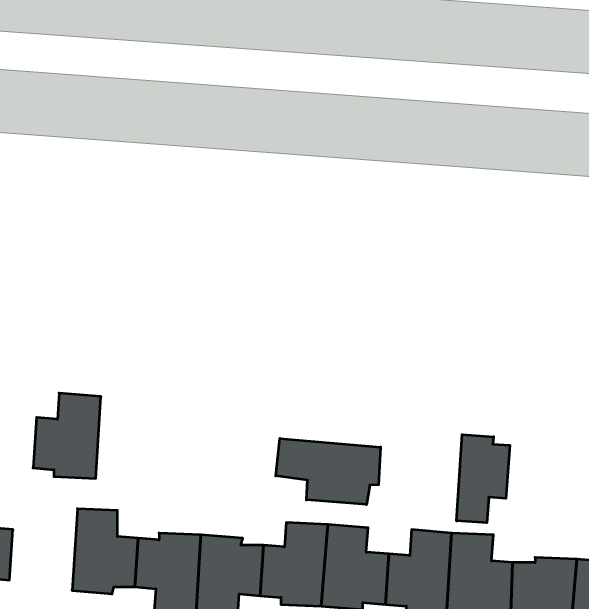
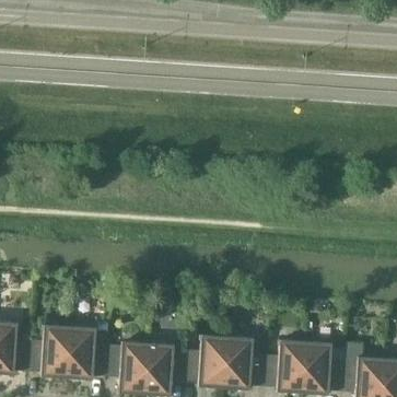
building: [33,393,101,478] -> [28,324,71,377]
building: [457,435,510,523] -> none
building: [276,438,381,505] -> none

